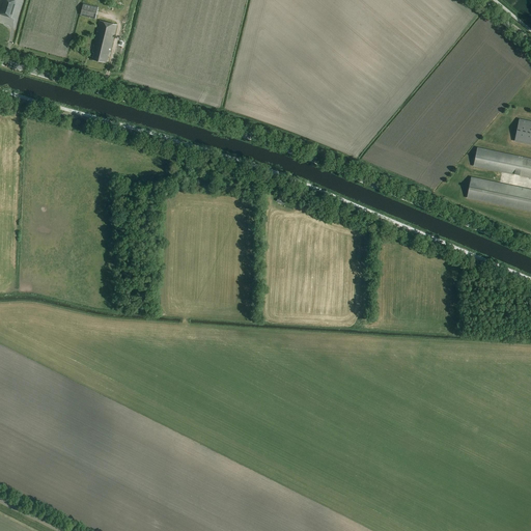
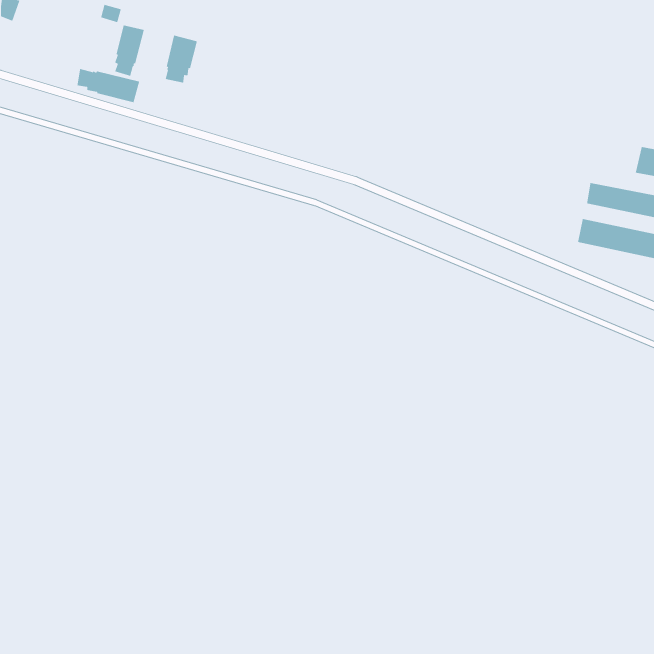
building: none -> [165,34,198,83]
building: none -> [76,68,140,103]

